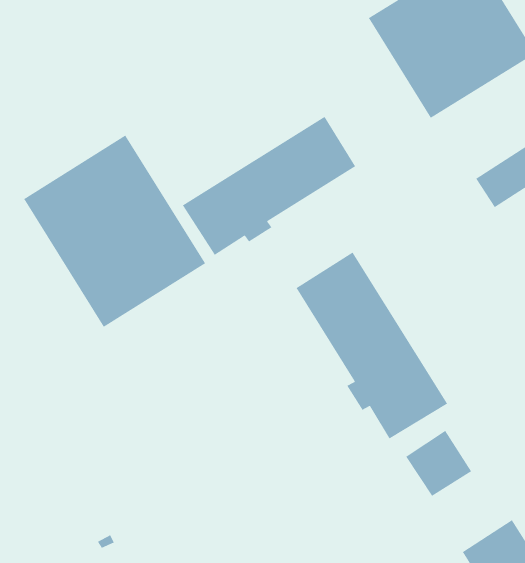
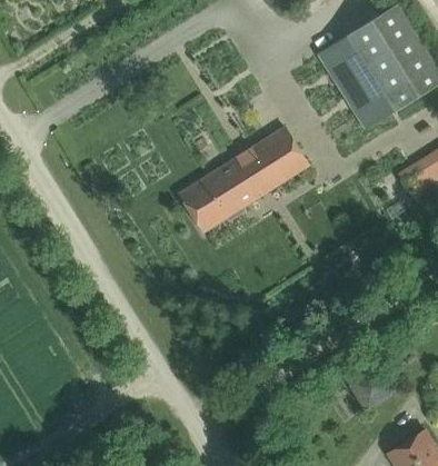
building: [23,135,206,328] -> none
building: [295,252,448,439] -> none

